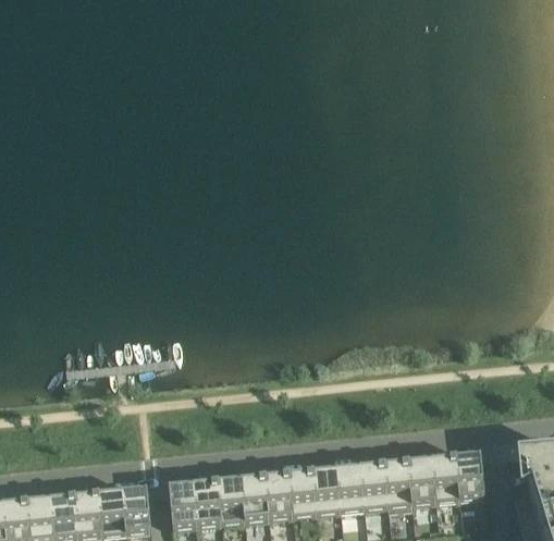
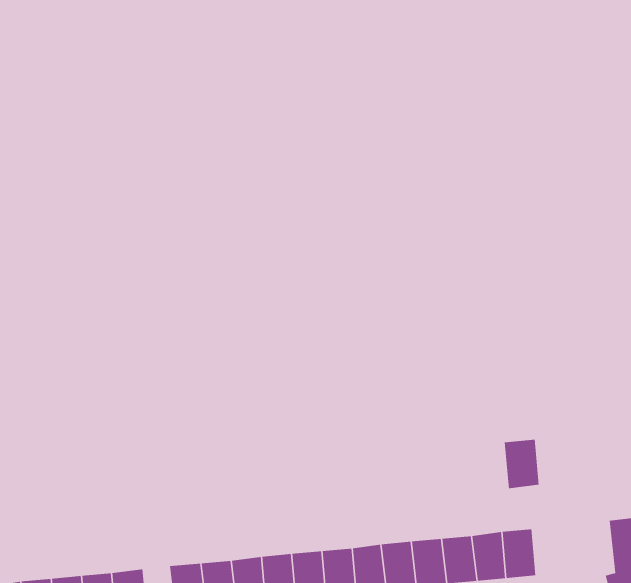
building: [456,456,484,495] -> [504,439,540,489]

